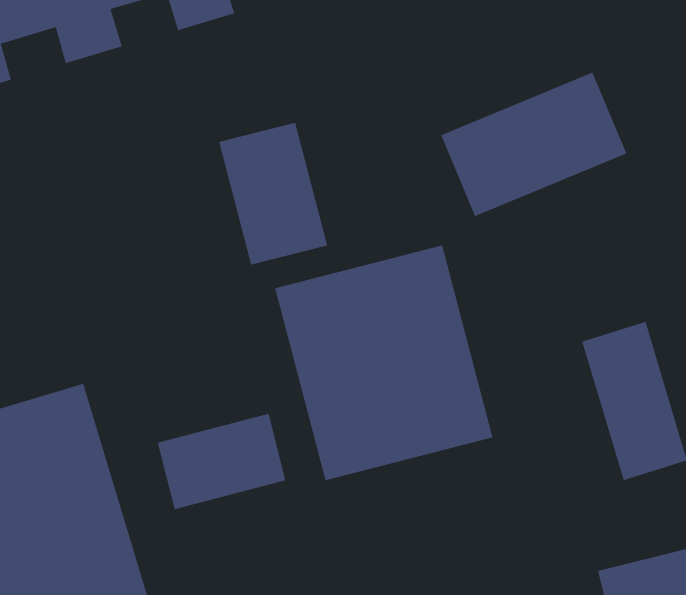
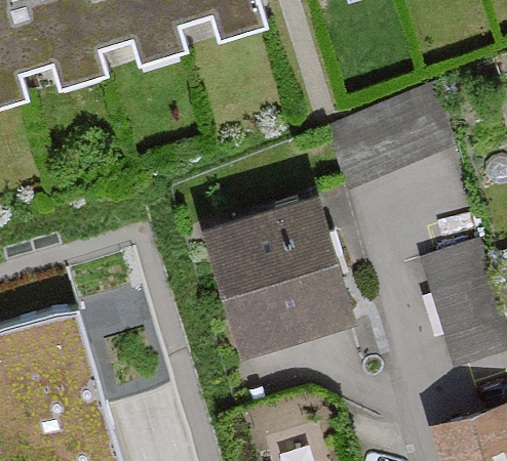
building: [218,122,328,265] -> none
building: [157,413,286,510] -> none

